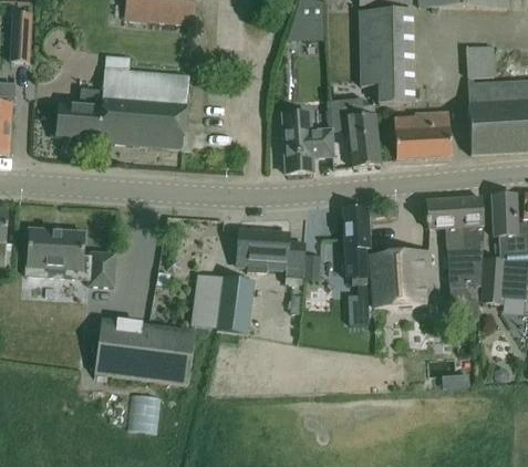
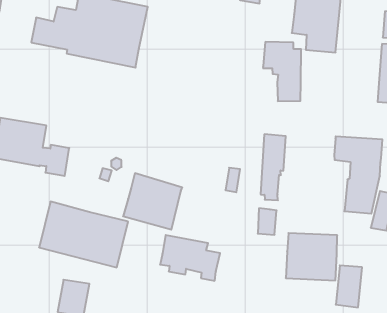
building: [394,111,451,158] -> none
building: [281,113,333,173] -> none
building: [236,229,304,276] -> [160,235,220,281]
building: [370,250,432,308] -> [286,233,337,280]

